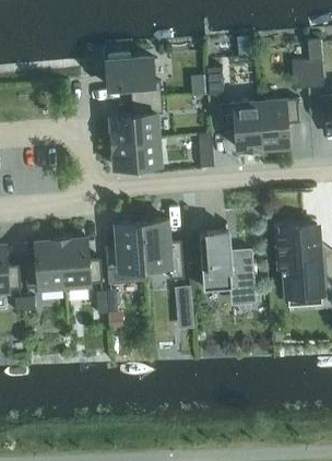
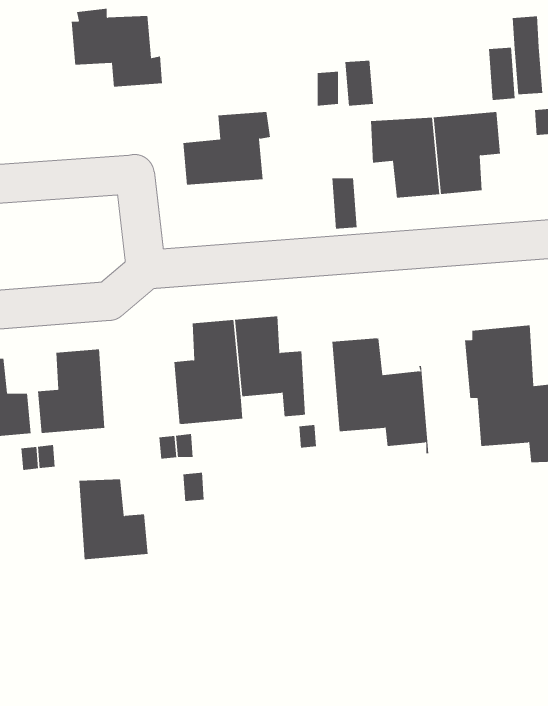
building: [107,54,162,101] -> [71,8,163,87]
building: [114,139,162,168] -> none
building: [62,238,104,286] -> [78,479,148,560]

